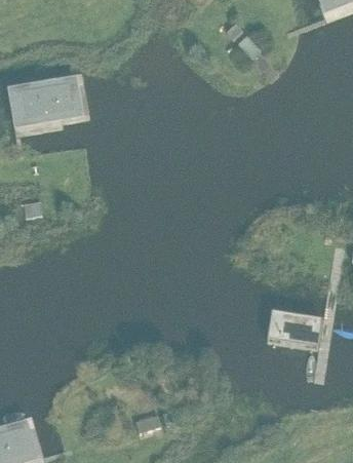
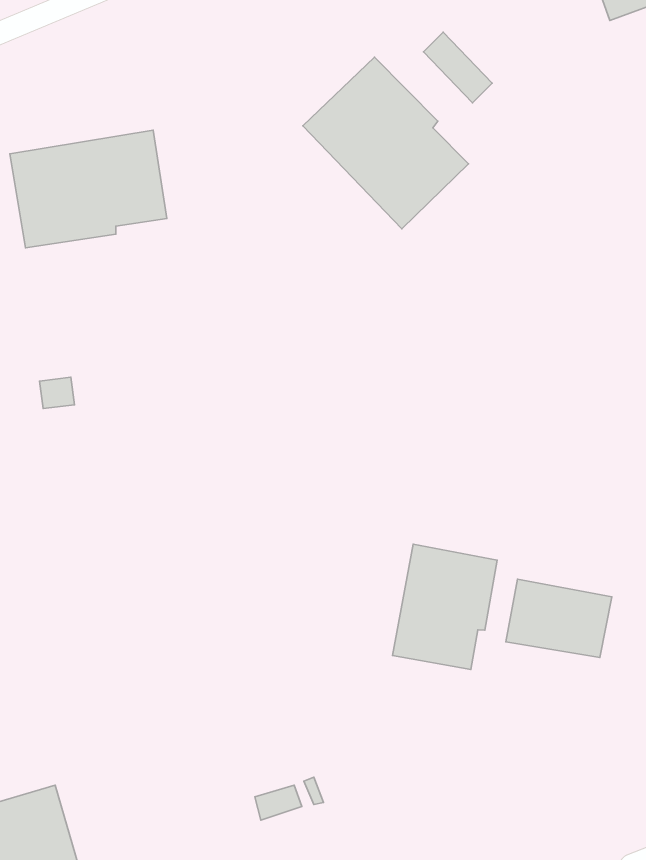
building: none -> [303,57,468,229]
building: none -> [392,544,497,670]

